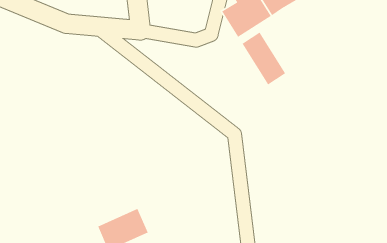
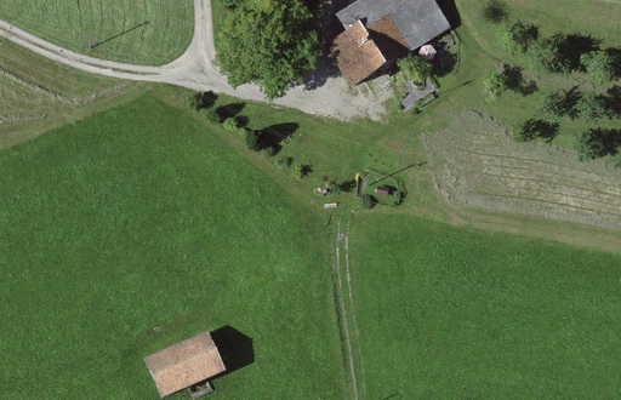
building: [241,31,286,85] -> none

